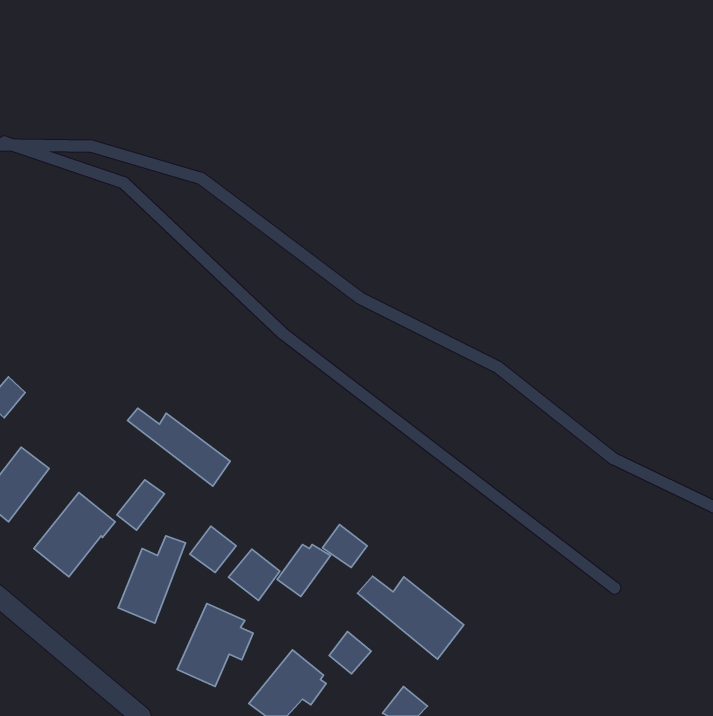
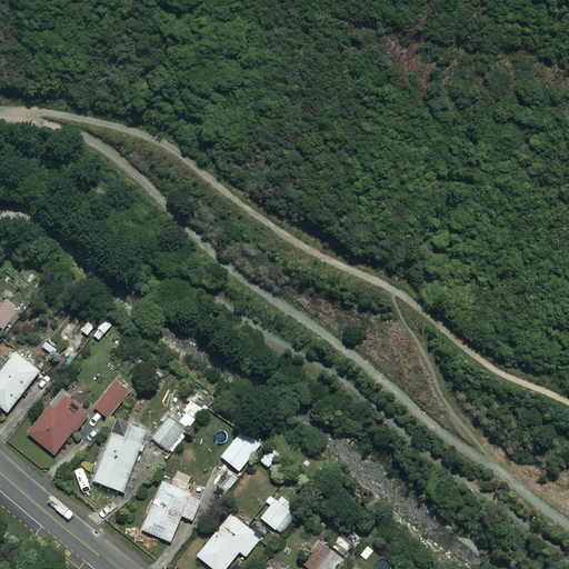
building: [128,408,230,486] -> none
building: [323,524,367,568] -> none
building: [228,549,280,601] -> none
building: [358,576,464,659] -> none

